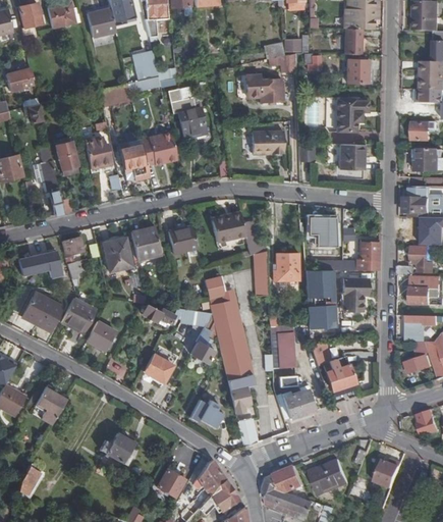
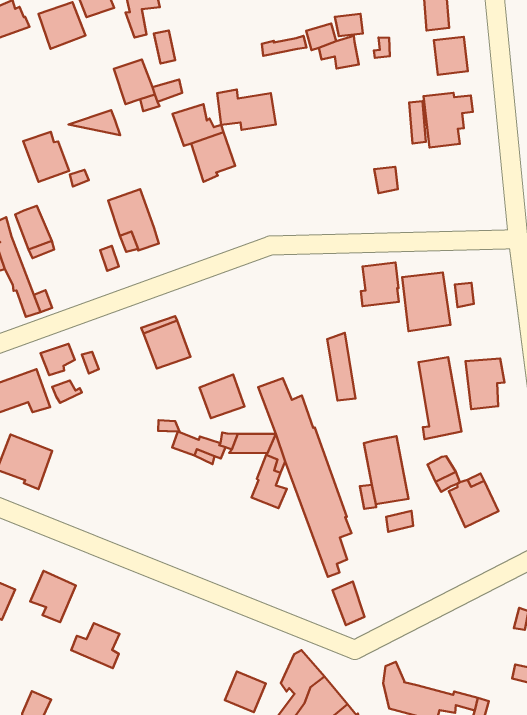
building: [246,73,283,101] -> [217,89,276,130]
building: [251,130,284,154] -> none
building: [141,132,176,164] -> none
building: [84,136,112,168] -> [23,132,69,182]
building: [341,144,363,169] -> none
building: [212,212,245,241] -> none
building: [168,224,197,252] -> [200,374,244,418]
building: [102,237,131,270] -> none
building: [361,244,379,270] -> none
building: [273,253,298,279] -> [361,263,399,306]
building: [60,297,95,330] -> none
building: [86,320,115,350] -> none
building: [144,353,173,382] -> none
building: [282,384,314,418] -> none
building: [189,390,224,427] -> none
building: [100,432,133,464] -> [71,623,119,668]
building: [309,458,348,494] -> none
building: [274,465,303,491] -> none

